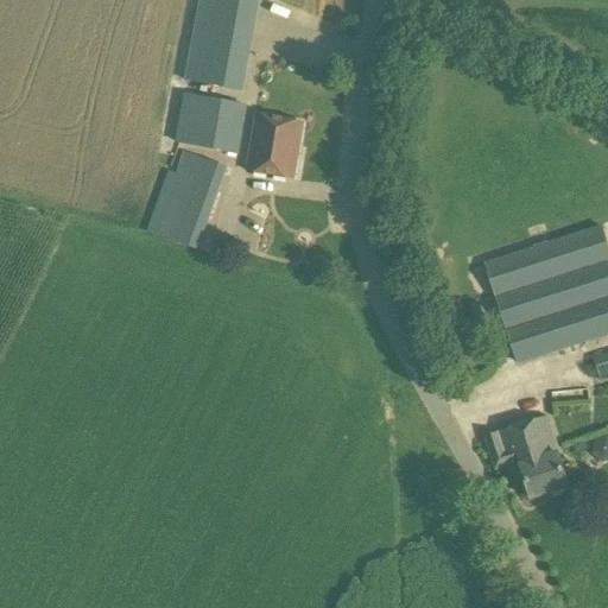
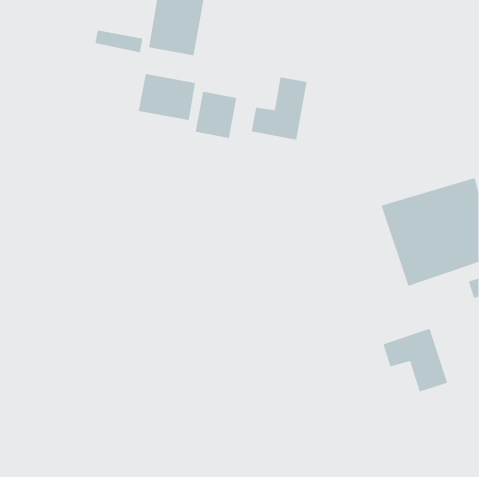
building: [184,61,246,90] -> [94,30,143,53]
building: none -> [251,77,308,141]
building: [146,150,227,249] -> none

